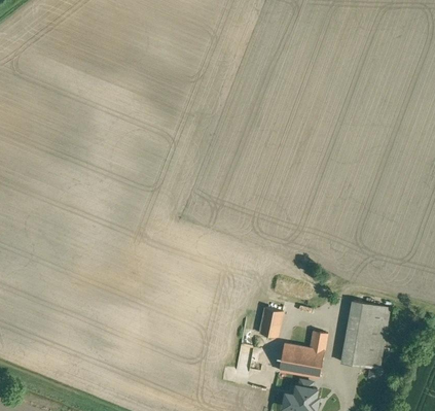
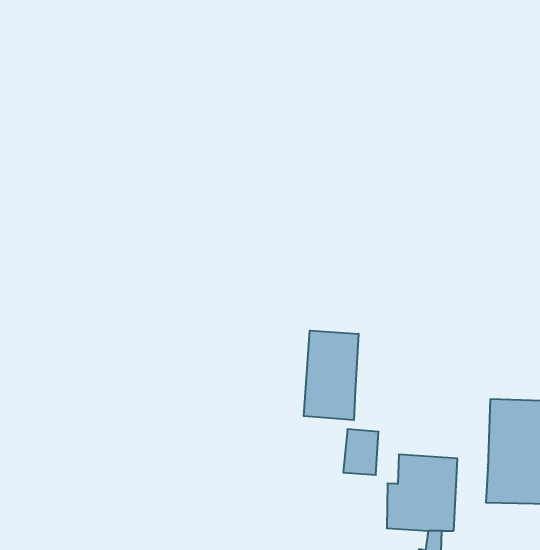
building: none -> [304,330,359,420]

